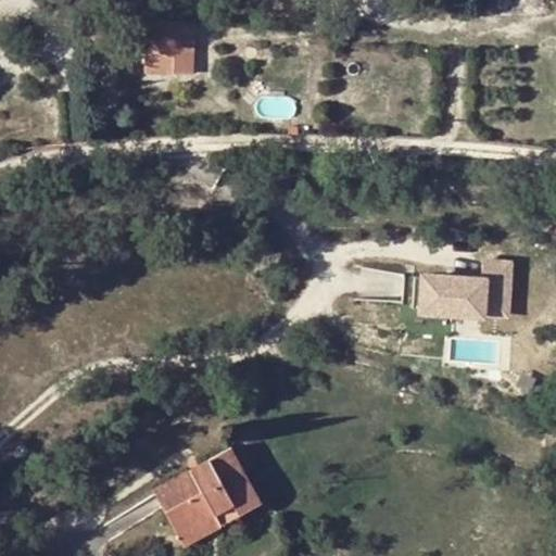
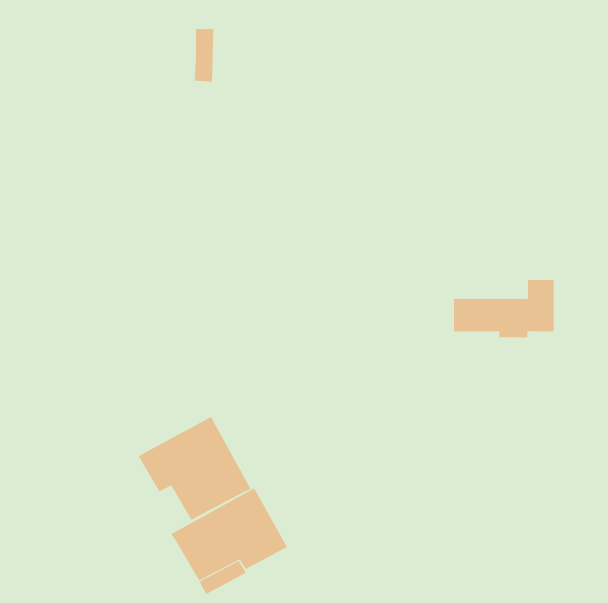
building: [148,29,178,78] -> none
building: none -> [138,416,251,520]

